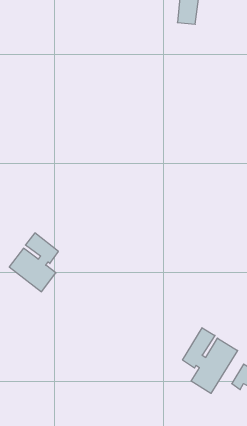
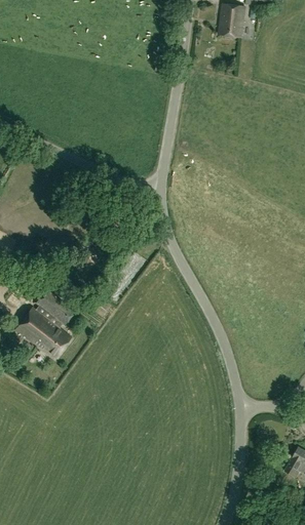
building: [183,328,238,393] -> none

